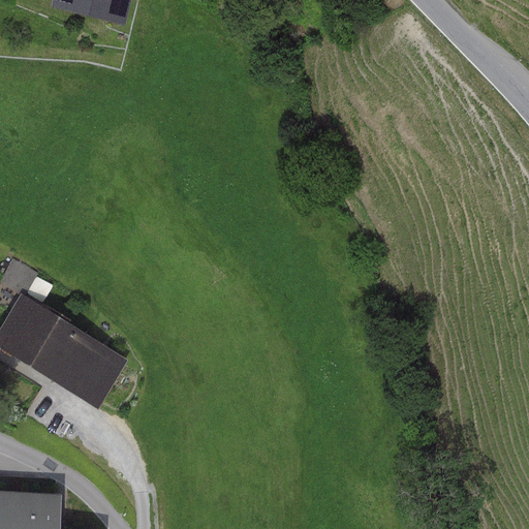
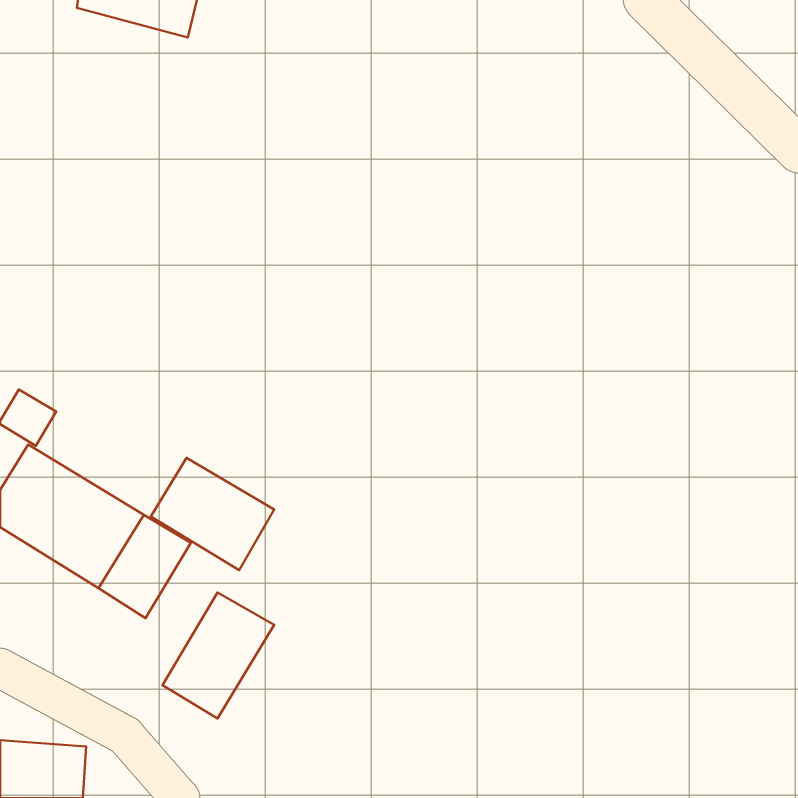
building: none -> [151,458,274,570]
building: none -> [162,592,274,719]

